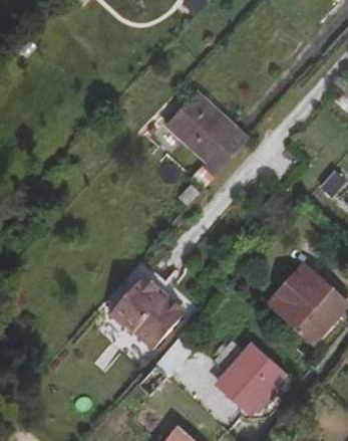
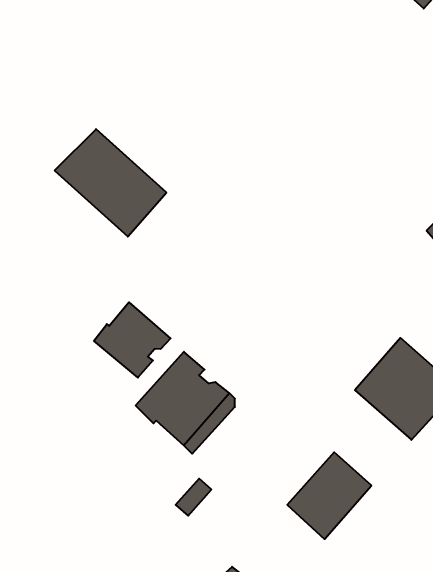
building: [165,92,247,171] -> [55,129,166,237]
building: none -> [94,302,171,378]

